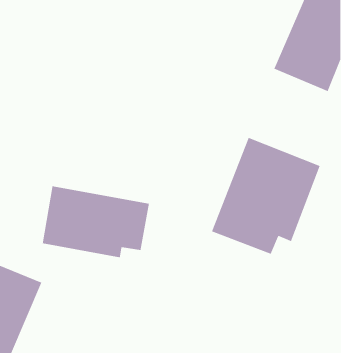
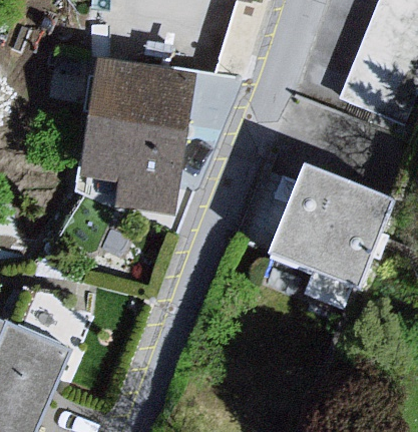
building: none -> [86,57,195,210]
building: [42,186,150,258] -> none

